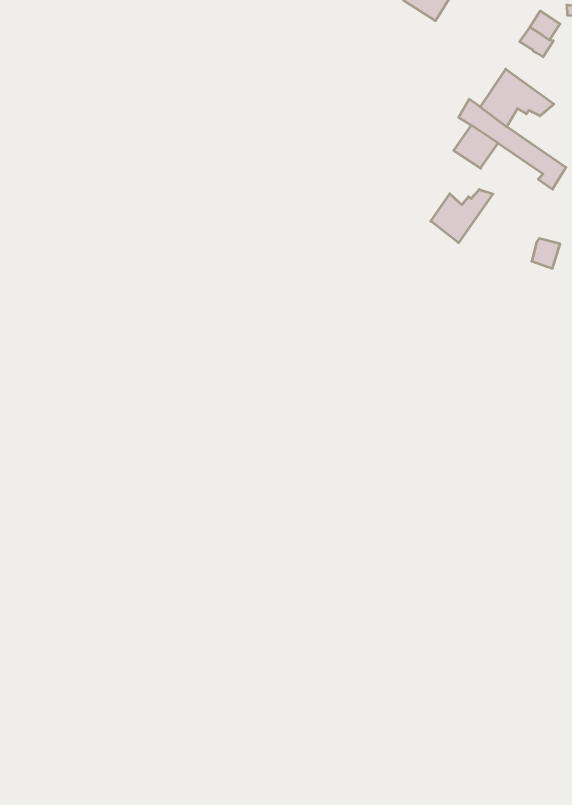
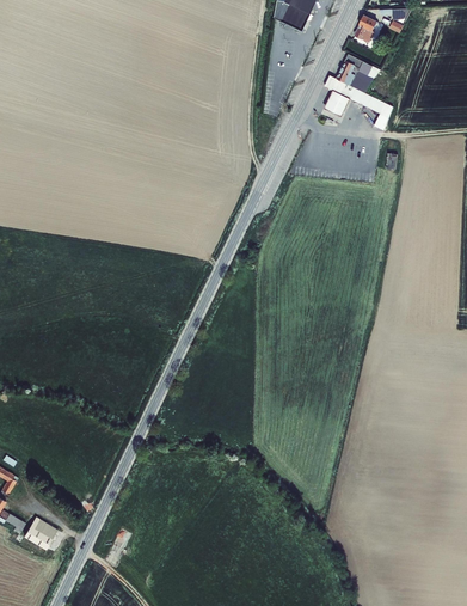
building: [431,189,493,243] -> none

